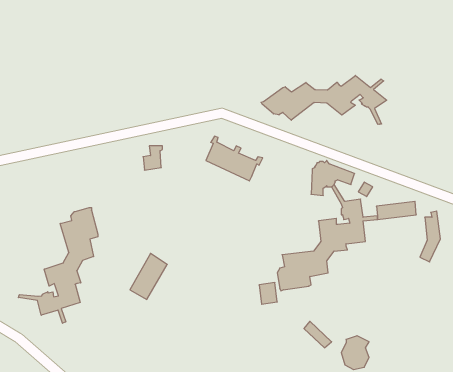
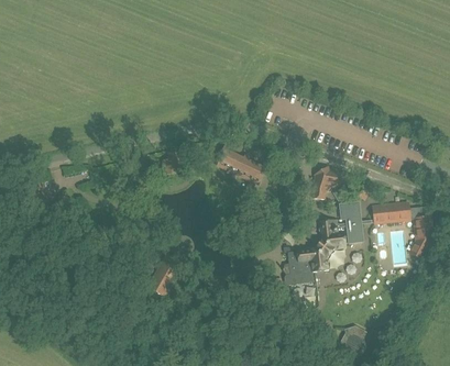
building: [261,75,387,124] -> none
building: [18,208,98,323] -> none

